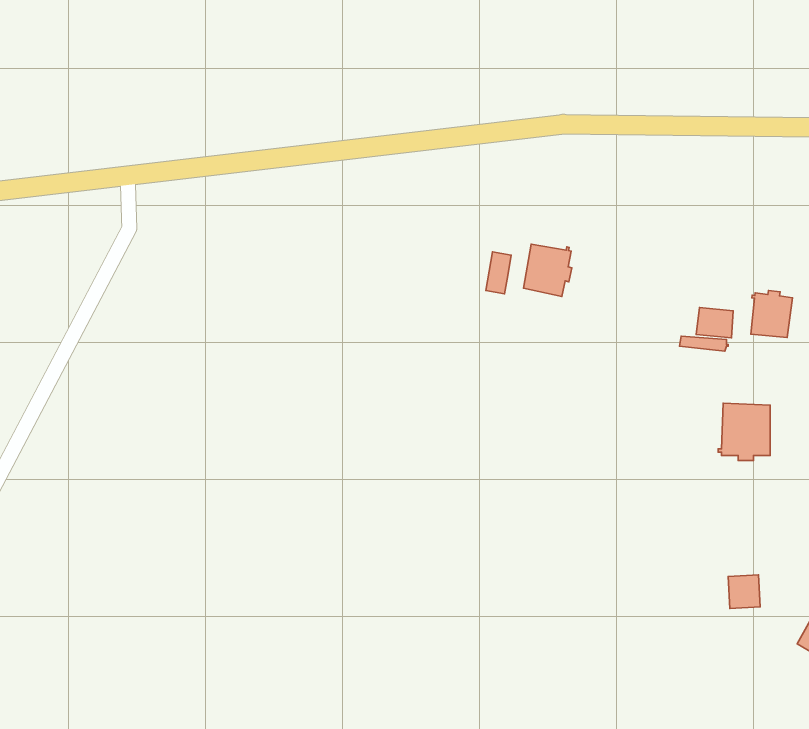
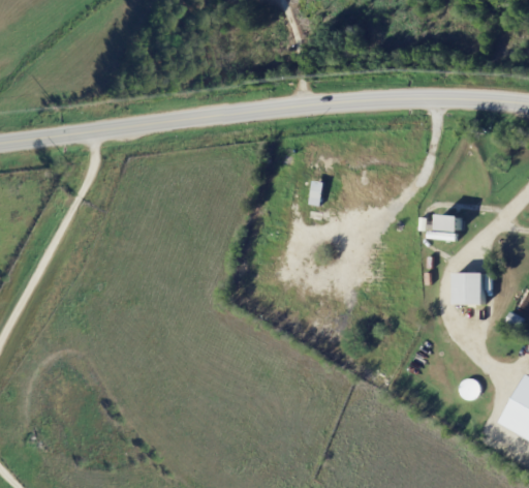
building: [524,244,572,297] -> none
building: [751,290,792,338] -> none

